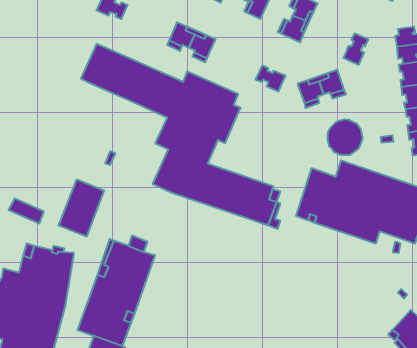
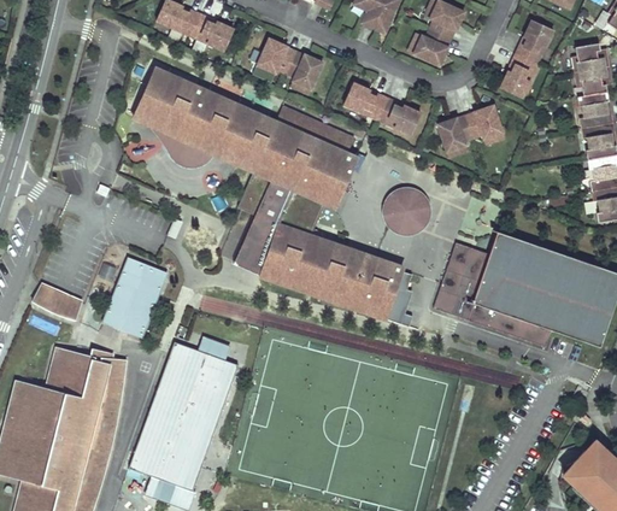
building: none -> [190,13,233,49]
building: none -> [516,19,552,61]
building: none -> [343,82,387,117]
building: none -> [146,122,215,166]
building: [327,119,363,155] -> [382,186,431,235]

